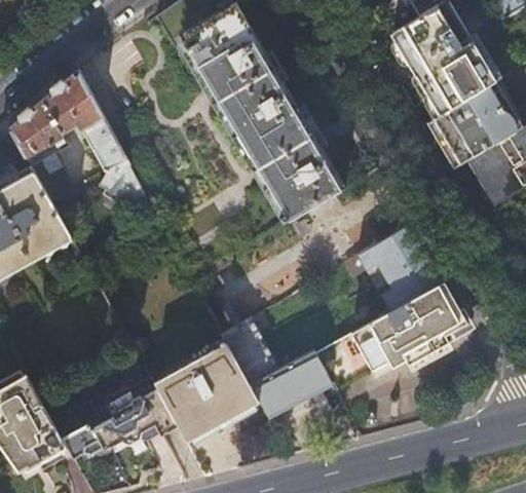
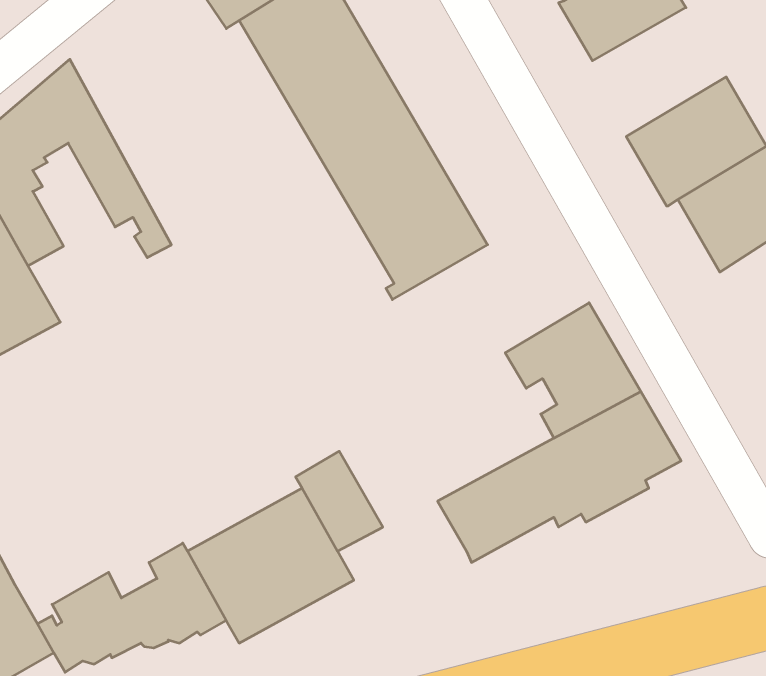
building: [411,39,496,121] -> none
building: [249,351,331,419] -> none

